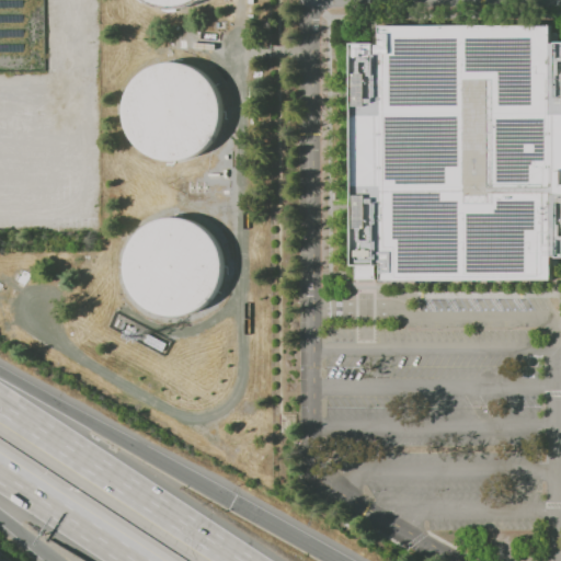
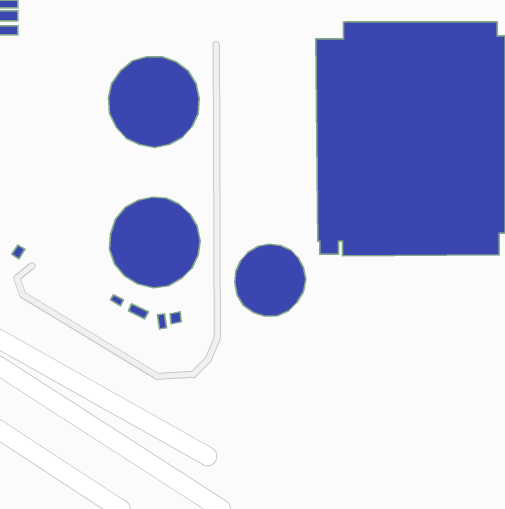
building: none -> [235,244,306,316]

